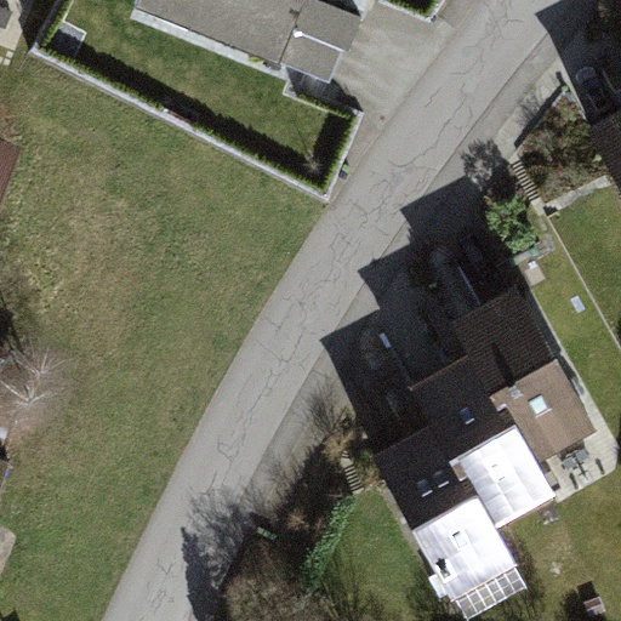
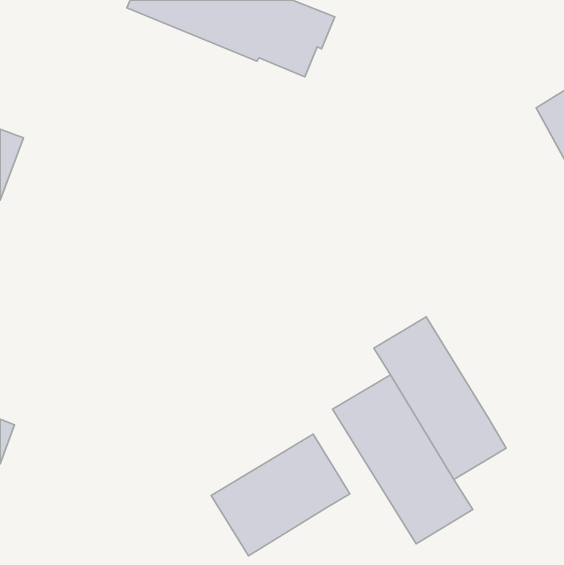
building: [454,280,603,460] -> none
building: none -> [211,434,350,556]

